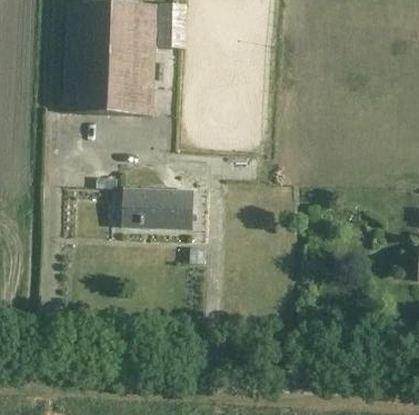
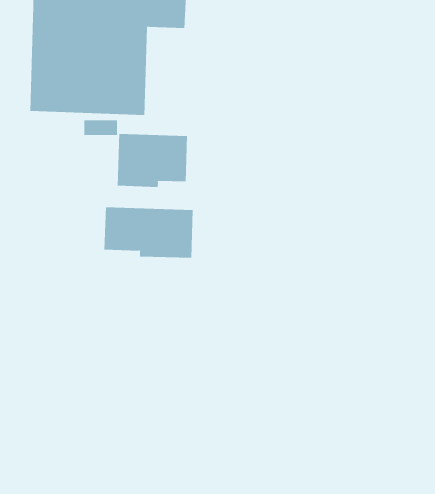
building: none -> [117,133,188,188]

